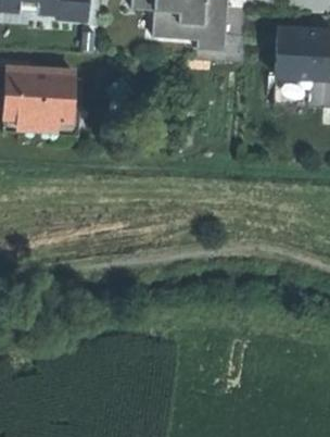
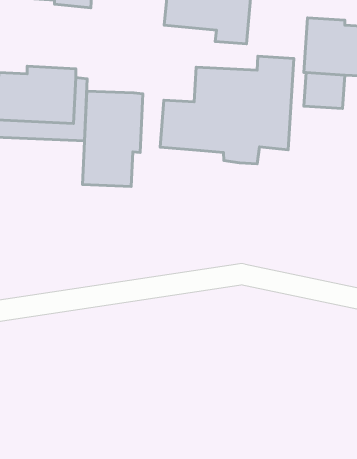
building: none -> [160,56,294,164]
building: none -> [83,91,143,186]

